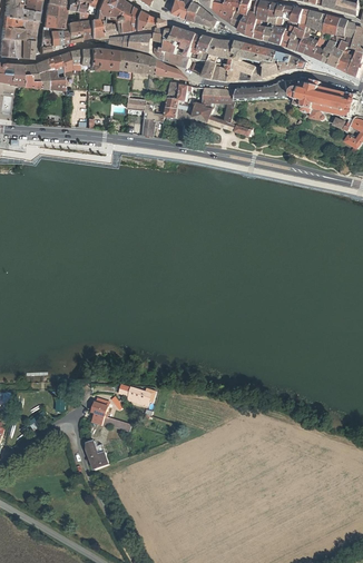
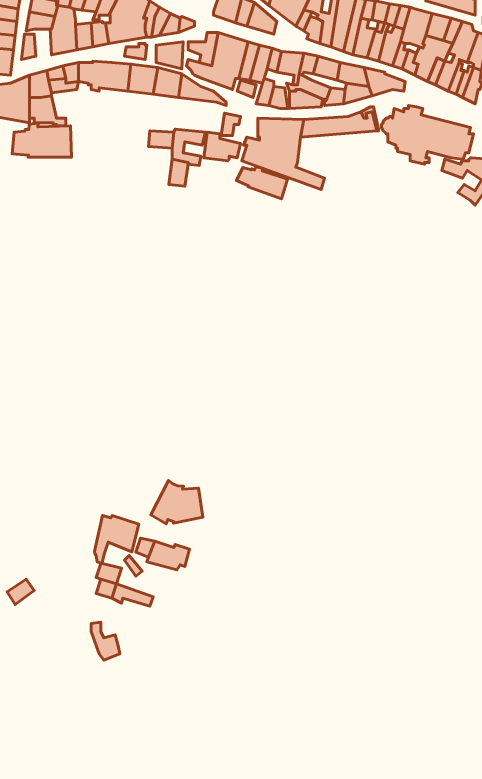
building: none -> [12,123,72,157]
building: none -> [236,167,288,199]
building: none -> [151,480,203,524]
building: none -> [95,515,139,563]

